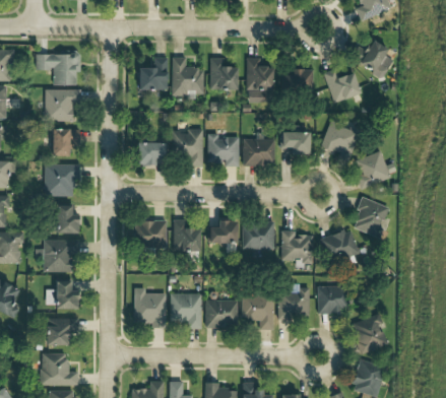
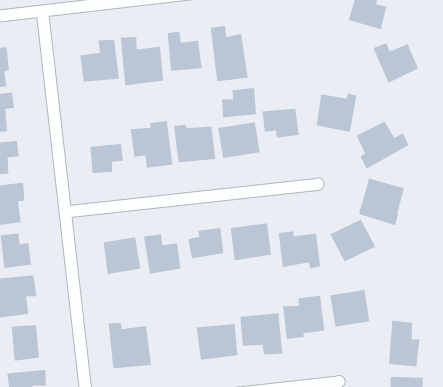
building: [282,69,312,91] -> [221,87,257,118]
building: [324,69,360,103] -> [372,42,419,84]
building: [170,293,202,329] -> none

